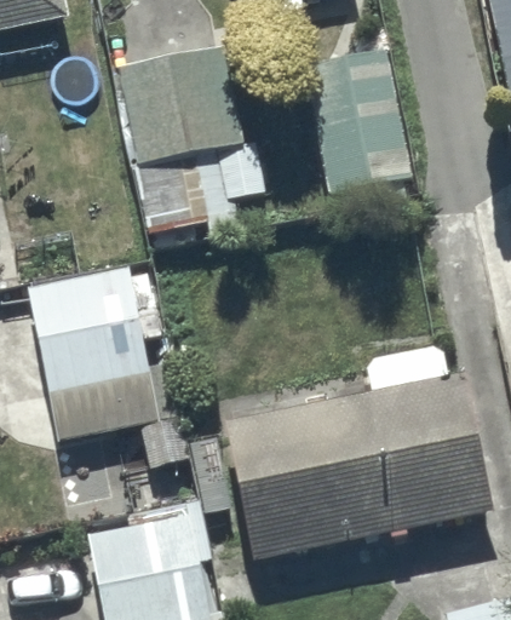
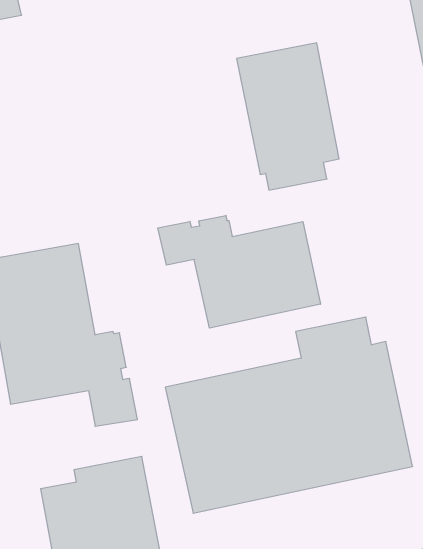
building: [115,44,270,235] -> none
building: none -> [158,215,320,328]

